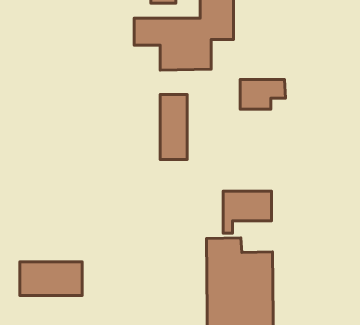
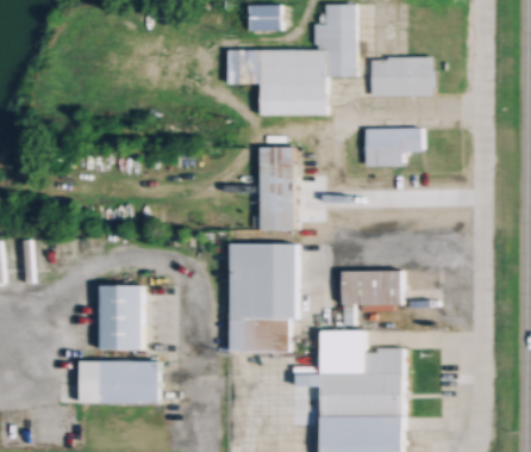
building: none -> [369,56,432,94]
building: none -> [229,243,298,352]
building: none -> [98,285,142,349]

